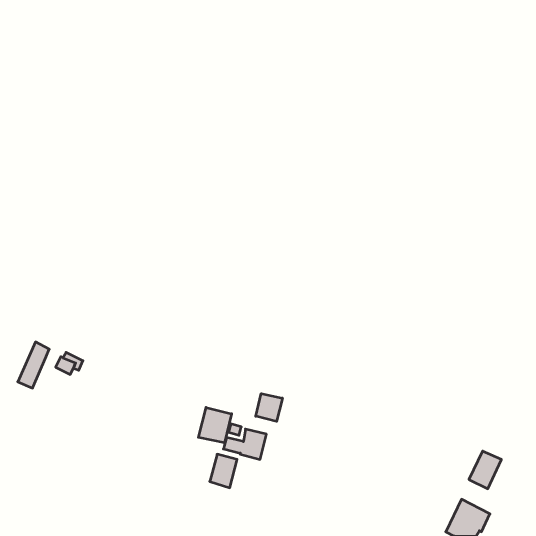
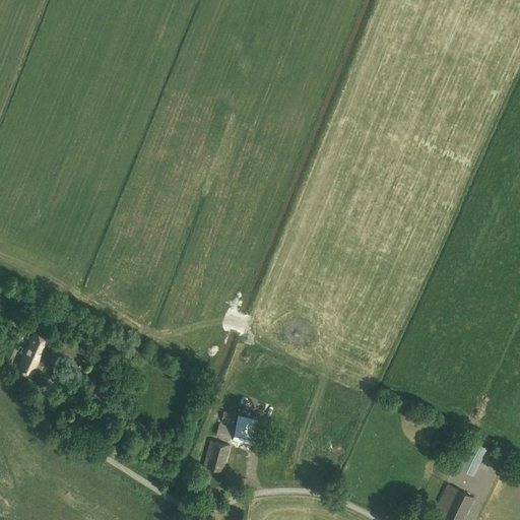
building: [256,394,282,421] -> none
building: [198,407,232,443] -> none

